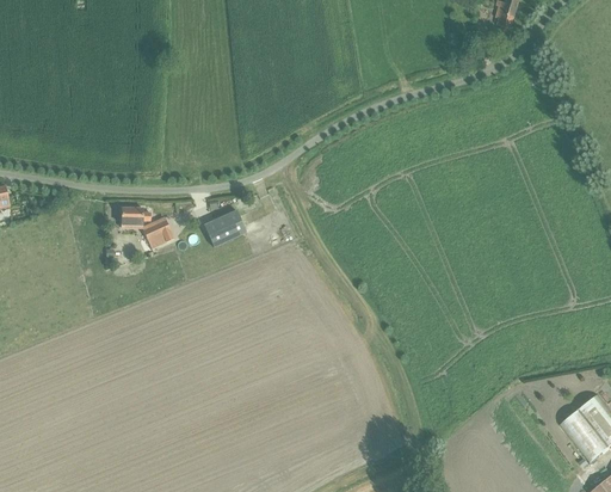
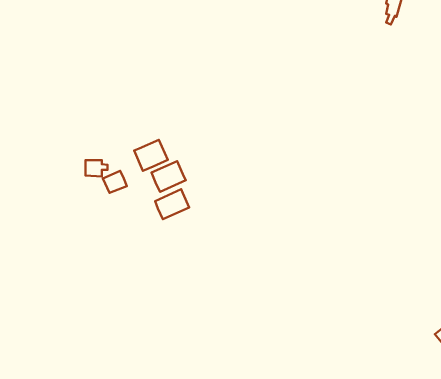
building: none -> [134,140,168,171]
building: none -> [155,189,189,219]

